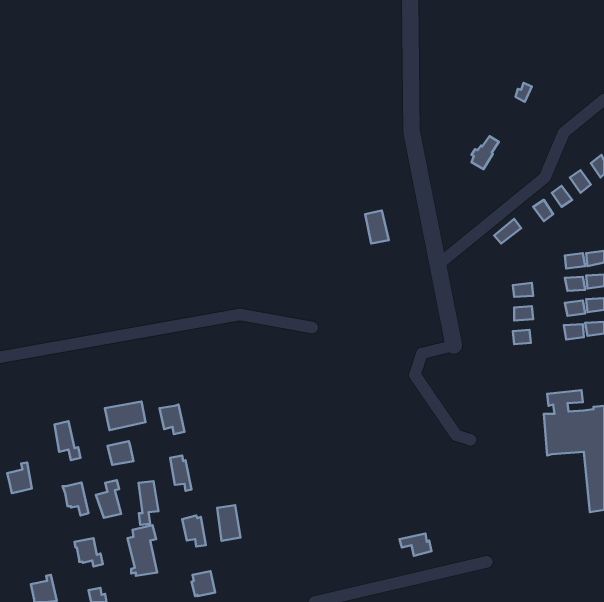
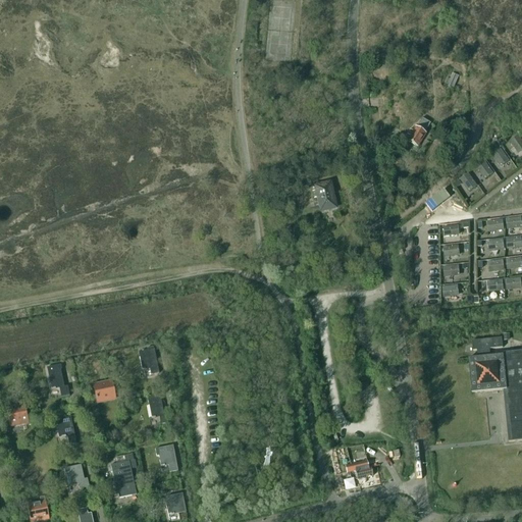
building: [105,402,146,430] -> none
building: [96,480,121,518] -> none
building: [139,481,158,525] -> none
building: [217,505,241,541] -> none

